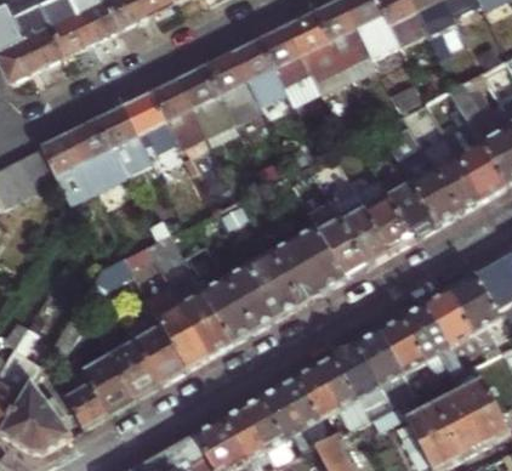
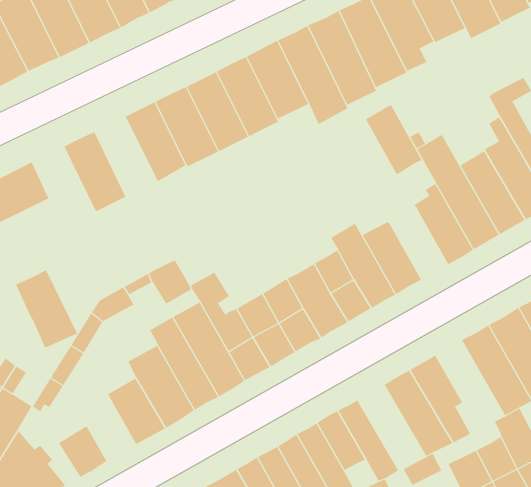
building: [96,106,152,177] -> none
building: [40,132,96,203] -> [15,270,78,349]
building: [359,188,410,251] -> [365,104,422,175]
building: [399,305,461,378] -> none
building: [330,345,383,410] -> none
building: [81,353,132,413] -> none

